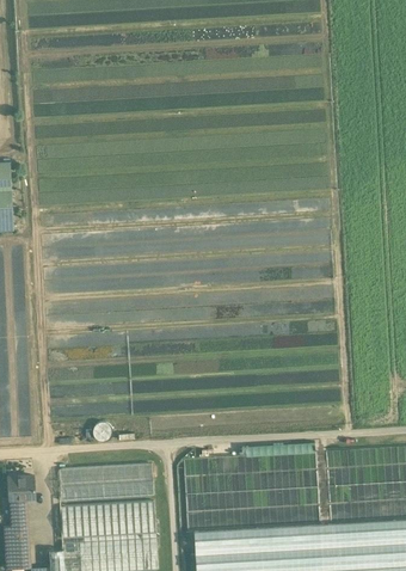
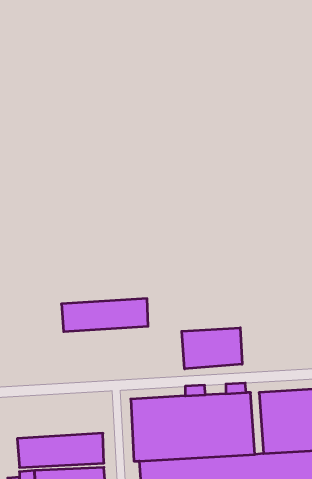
building: none -> [182,328,242,369]
building: [55,465,152,502] -> [61,299,148,332]

